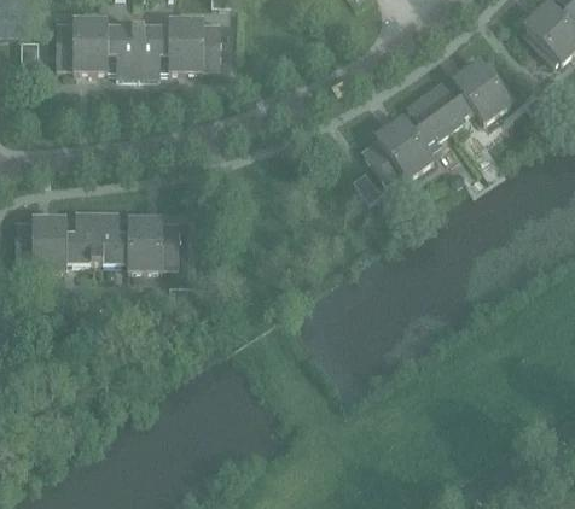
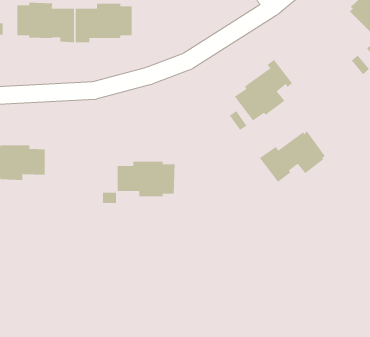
building: [419,58,513,131] -> [259,130,326,183]
building: [98,217,180,268] -> [117,161,175,197]

